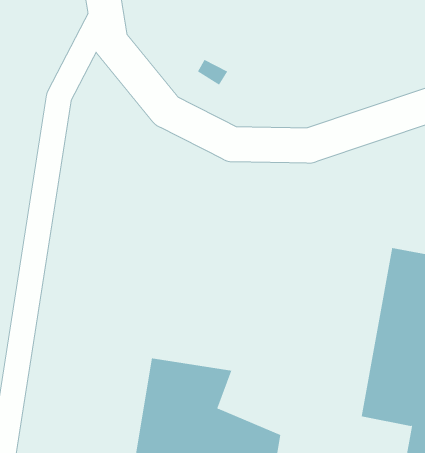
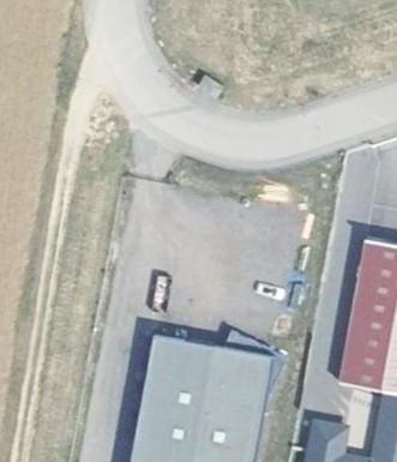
building: none -> [213,331,290,402]

